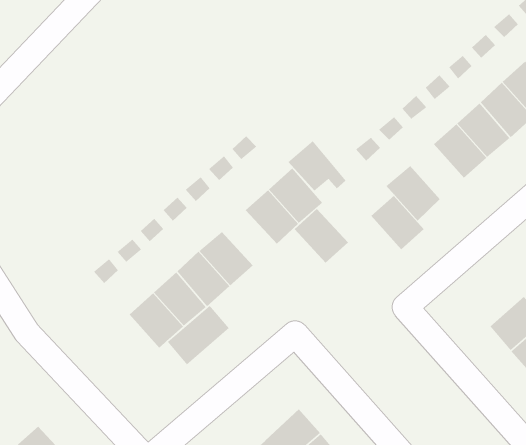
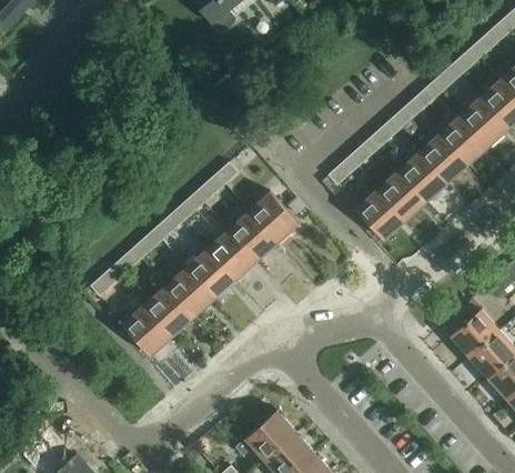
building: [288,140,347,192] -> none
building: [371,195,424,250] -> [377,170,426,220]
building: [294,208,349,263] -> [206,230,256,280]
building: [167,305,230,365] -> none

